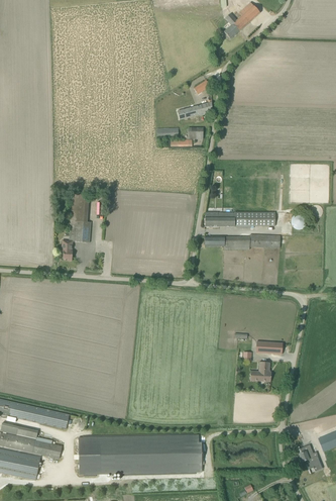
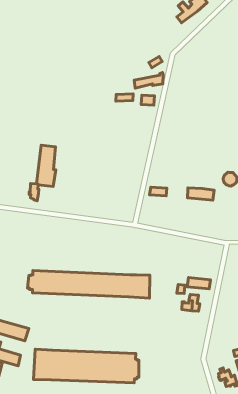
building: [204,212,274,227] -> none
building: none -> [28,270,150,298]

